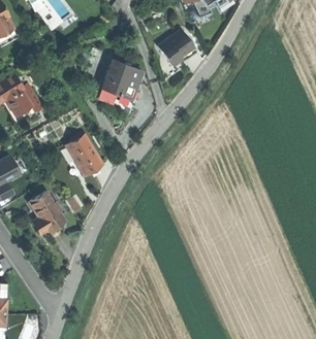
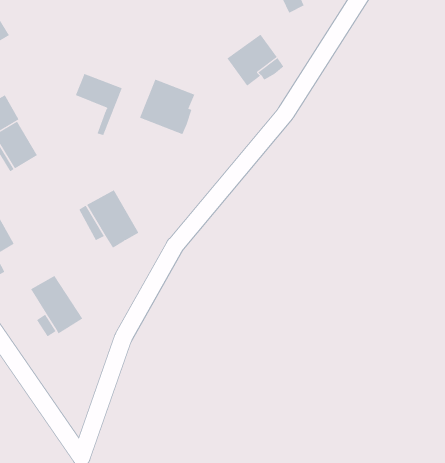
building: none -> [75,73,122,136]

